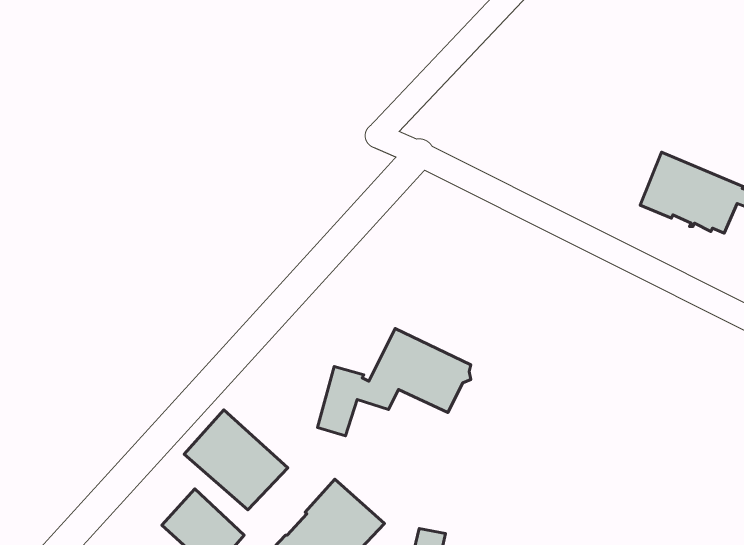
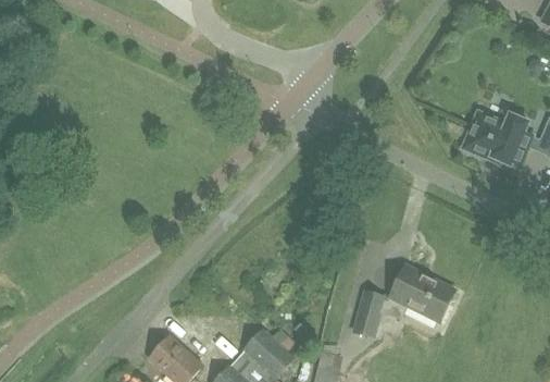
building: [318,328,471,436] -> [353,266,454,336]
building: [184,410,288,510] -> none

